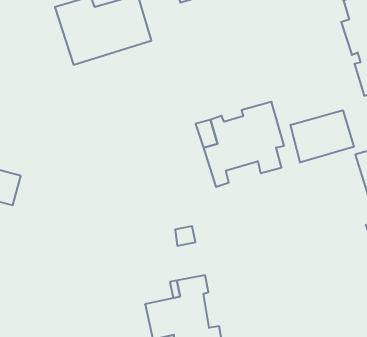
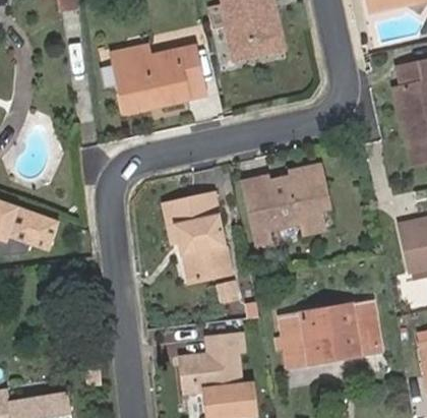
building: [290,110,354,163] -> none
building: none -> [163,192,231,282]
building: none -> [276,301,380,366]

